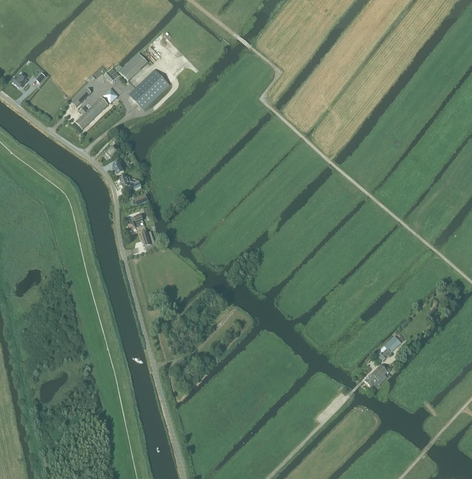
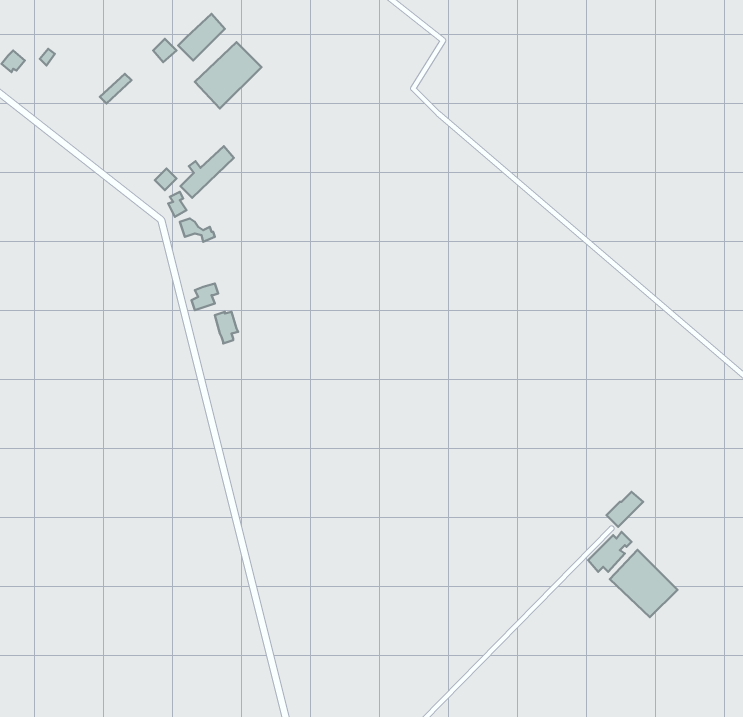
building: [75,97,107,128] -> [181,146,234,198]
building: none -> [610,550,678,617]

